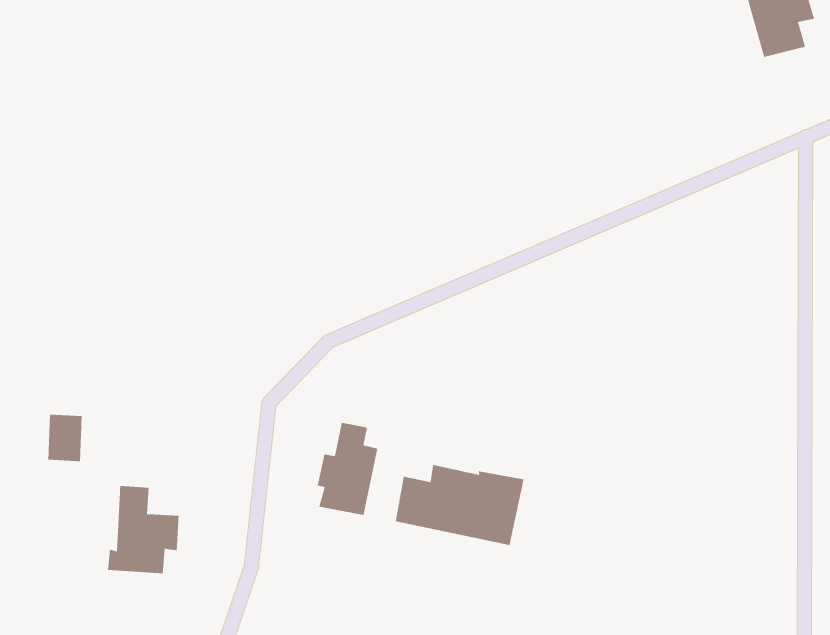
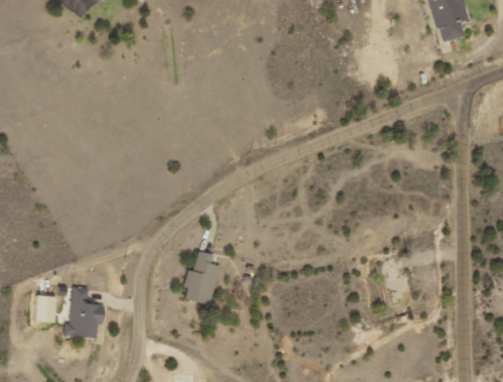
building: [47,414,83,462] -> [35,295,55,323]
building: [395,464,524,546] -> none

